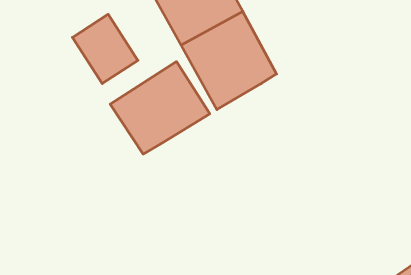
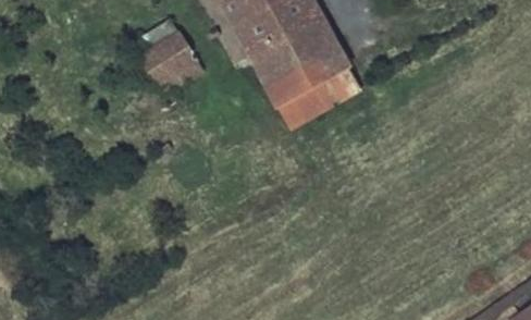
building: [110,62,210,154] -> none

